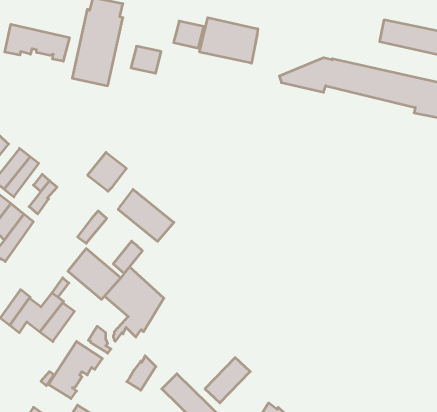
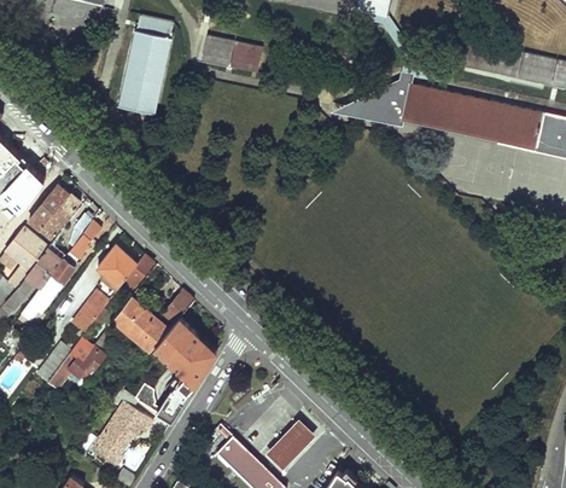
building: [200,18,258,63] -> none
building: [5,24,69,61] -> none
building: [131,46,161,73] -> [200,36,234,66]
building: [88,152,126,191] -> [94,245,138,289]
building: [118,189,174,241] -> none
building: [40,303,74,342] -> [70,291,109,335]
building: [127,356,156,390] -> [156,385,188,424]

